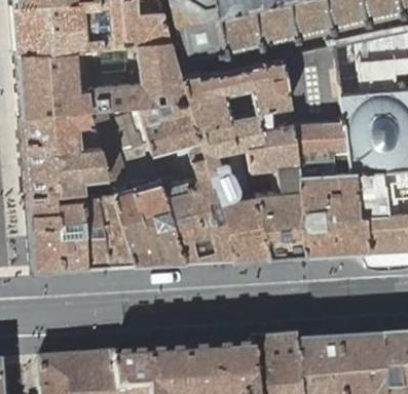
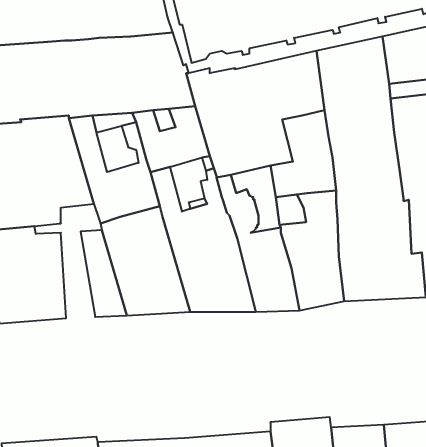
building: [83,194,110,263] -> none

